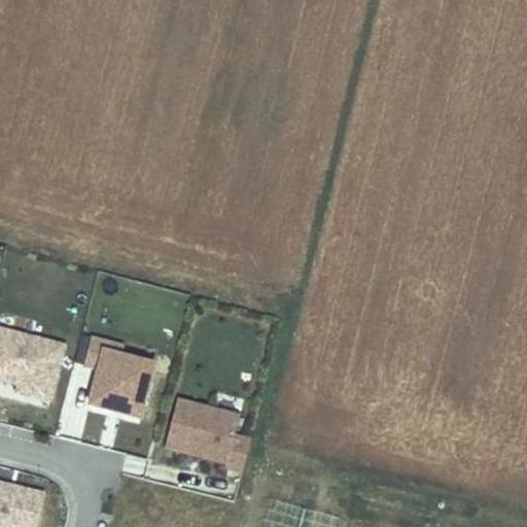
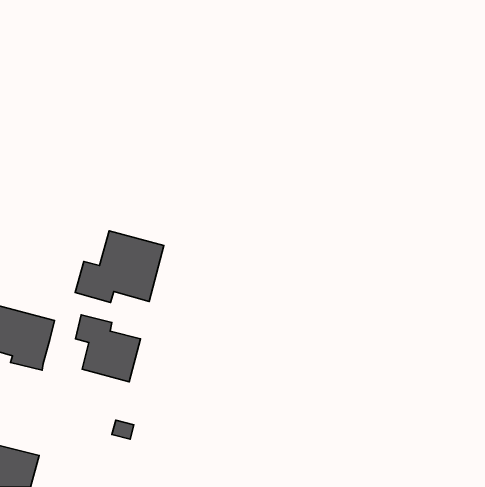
building: none -> [75,231,164,302]
building: [166,398,245,467] -> none

